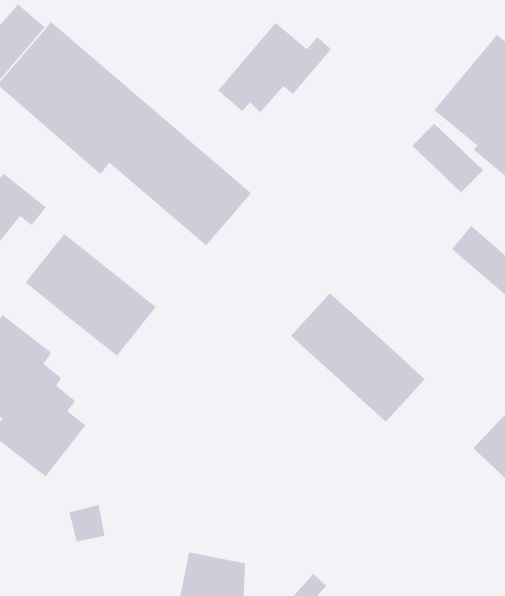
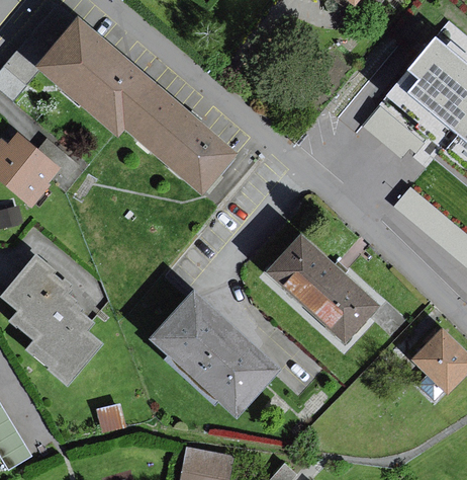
building: [217,22,332,113] -> none
building: [25,233,157,357] -> none
building: none -> [154,294,276,413]

